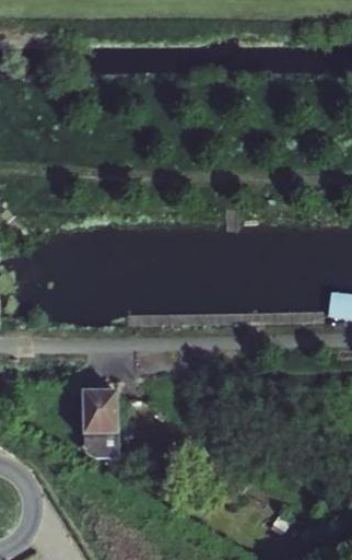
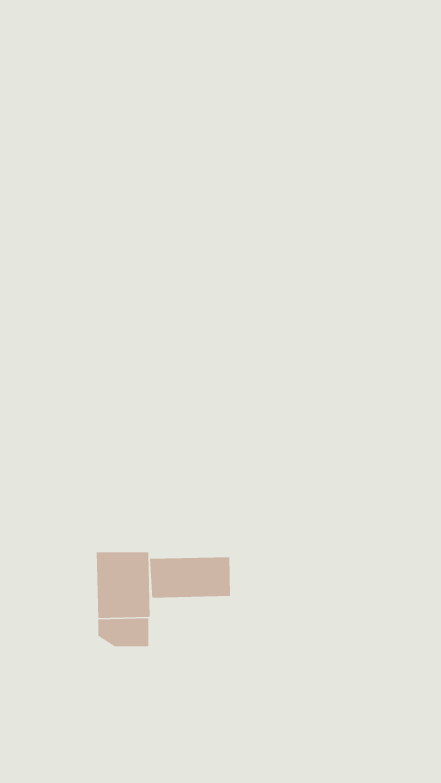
building: none -> [149,556,231,598]

